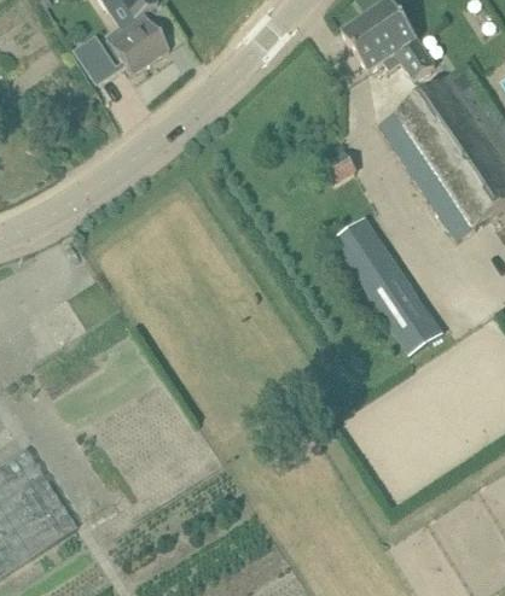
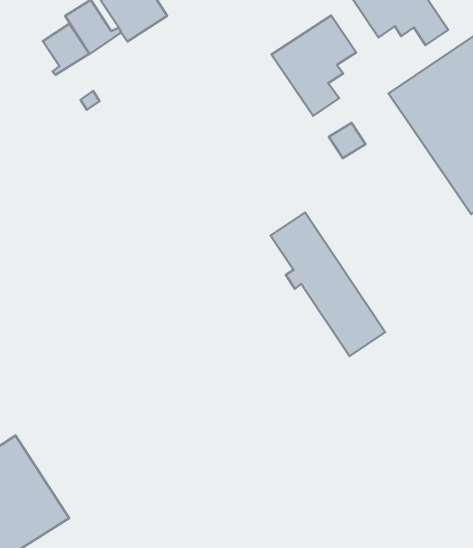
building: none -> [272,16,356,116]
building: none -> [43,24,89,75]
building: [333,218,442,355] -> [271,213,385,356]

